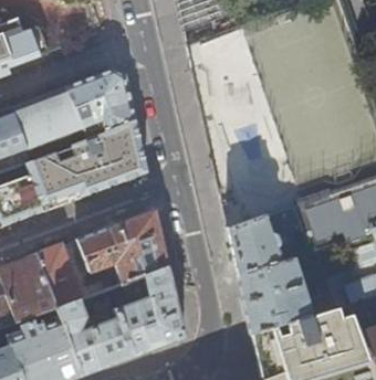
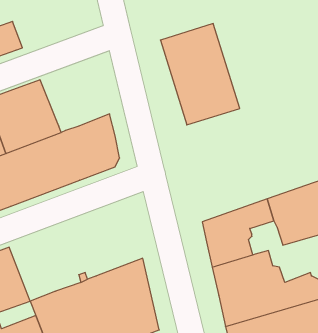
building: [66,68,136,133] -> none
building: [35,209,169,308] -> none

